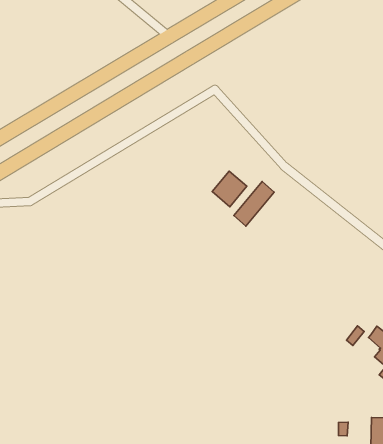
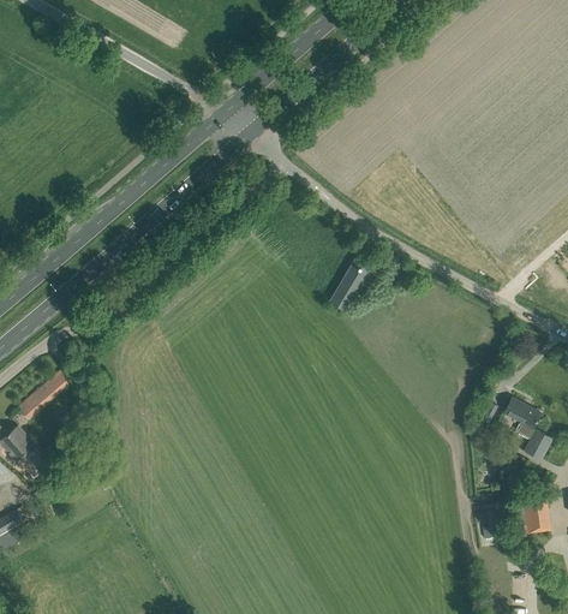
building: [212,171,247,207] -> none

